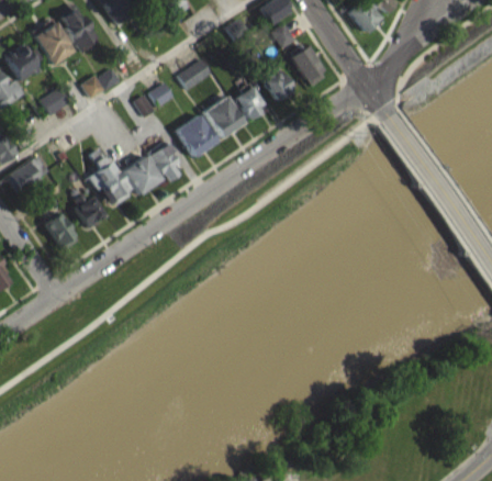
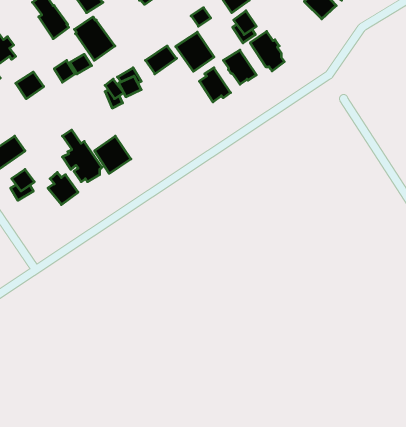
building: [31,20,74,66] -> [74,17,115,60]
building: [204,97,245,138] -> [176,32,214,71]
building: [177,115,217,157] -> none
building: [149,141,181,181] -> none
building: [47,211,79,250] -> none

